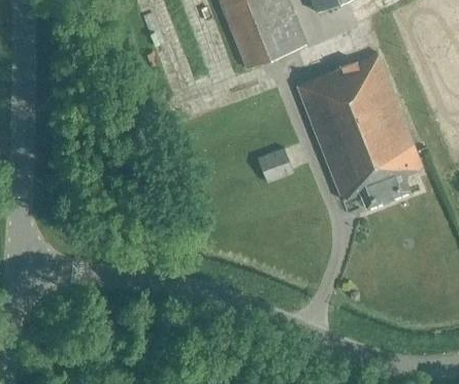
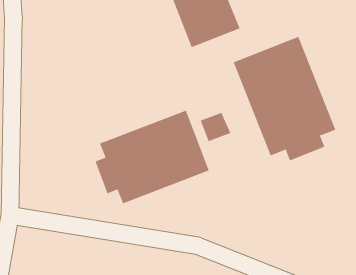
building: none -> [95,110,210,204]

